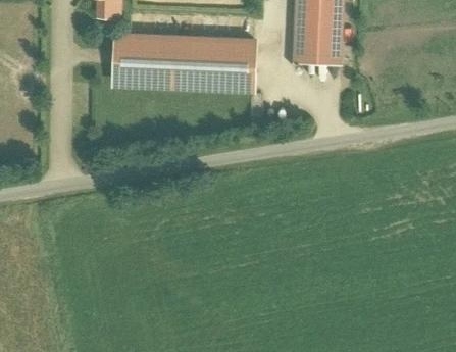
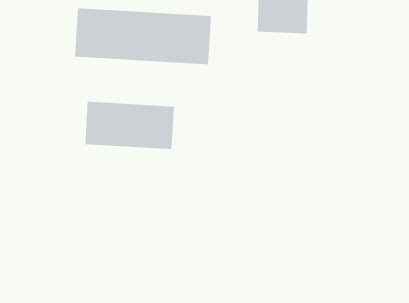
building: none -> [85,101,175,150]

